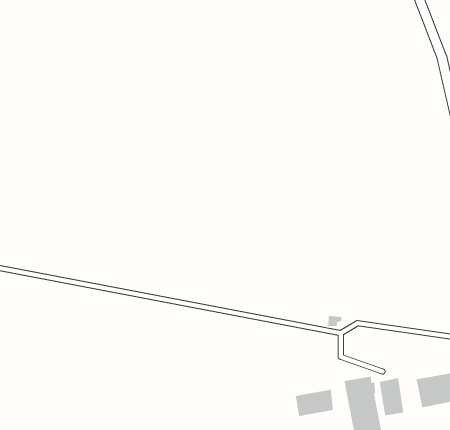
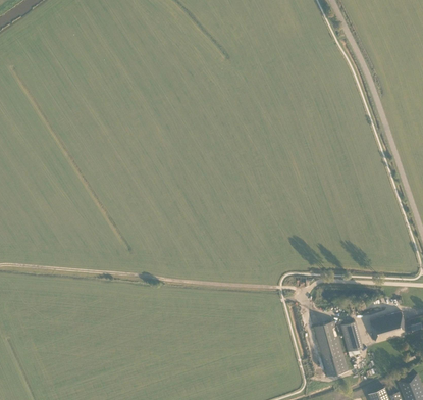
building: [295,389,334,417] -> none

